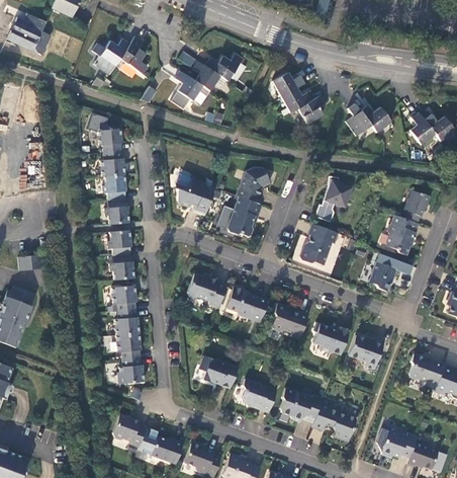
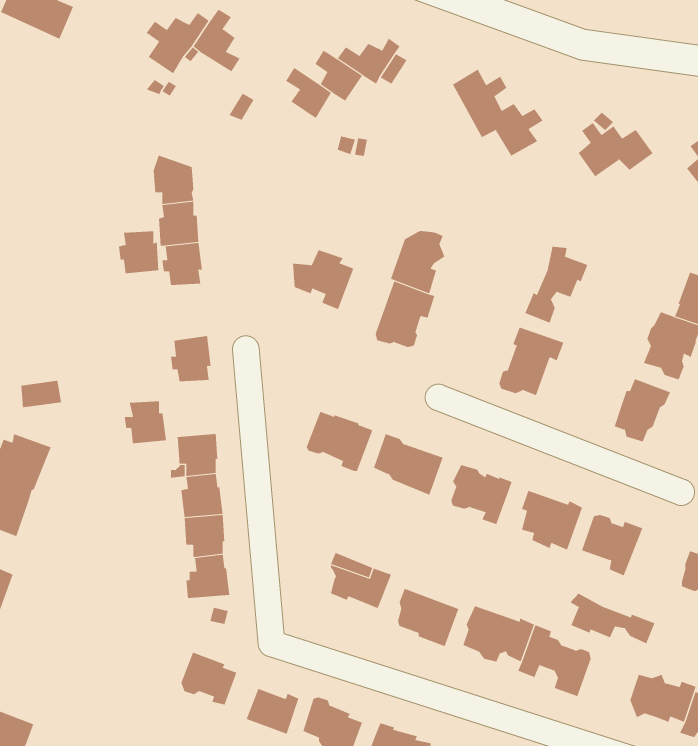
building: [104,197,128,223] -> [118,231,159,274]
building: [109,254,134,280] -> [124,401,167,444]
building: none -> [570,593,655,644]

